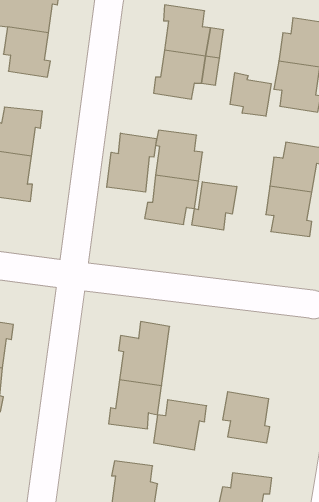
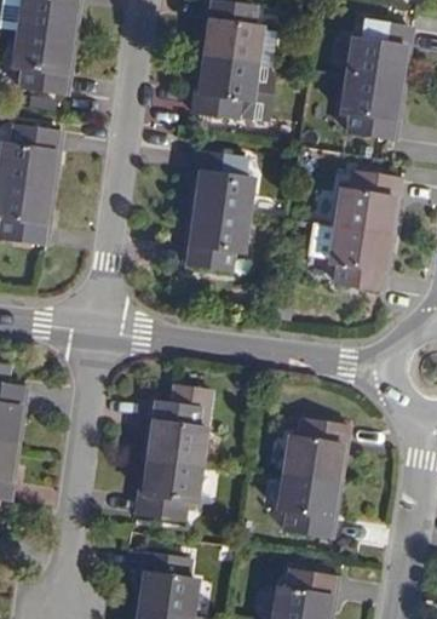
building: [230,73,271,116] -> none
building: [107,133,157,192] -> none
building: [192,182,237,230] -> none
building: [154,400,207,450] -> [283,423,347,483]

